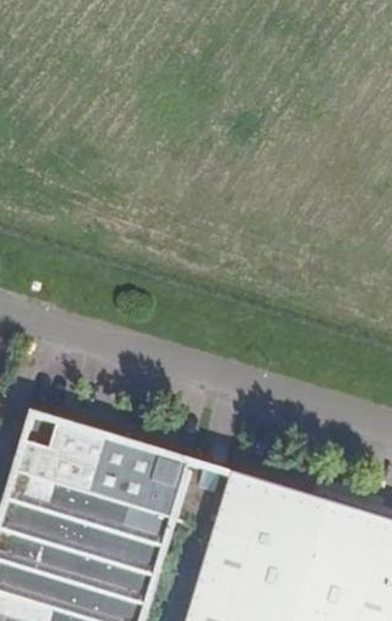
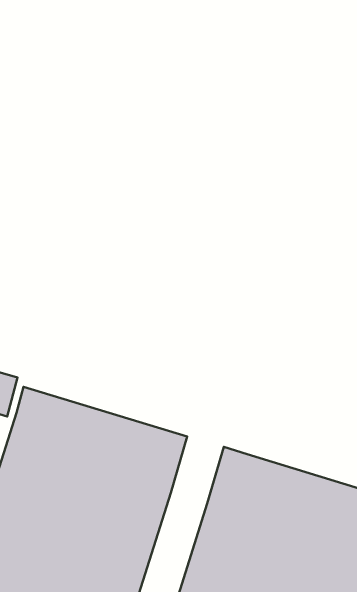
building: [178,458,233,528] -> none

